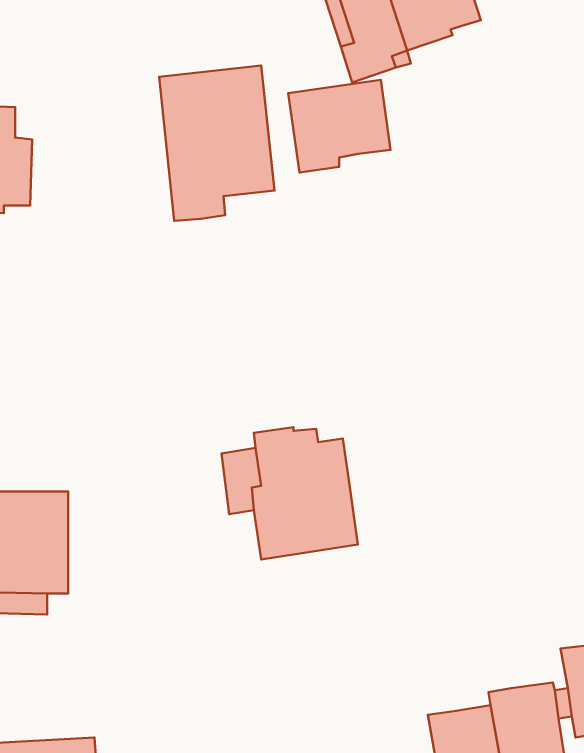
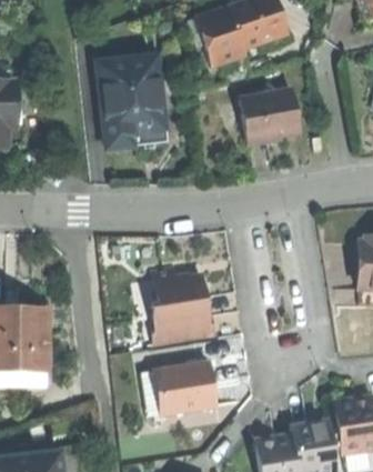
building: [288,80,390,173] -> [241,92,301,147]
building: none -> [155,359,215,412]

